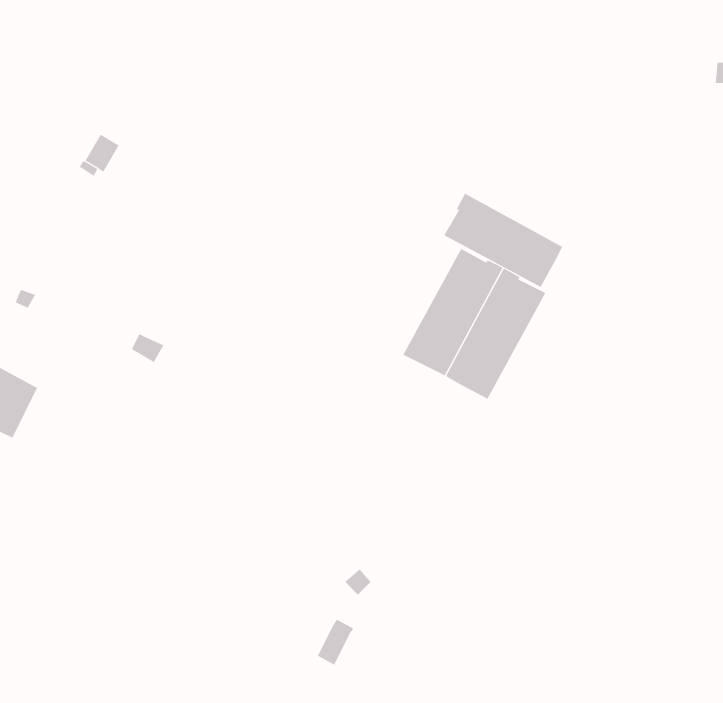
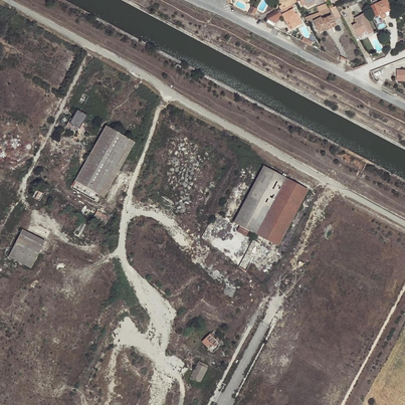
building: none -> [72,123,136,198]
building: [444,193,563,288] -> none

